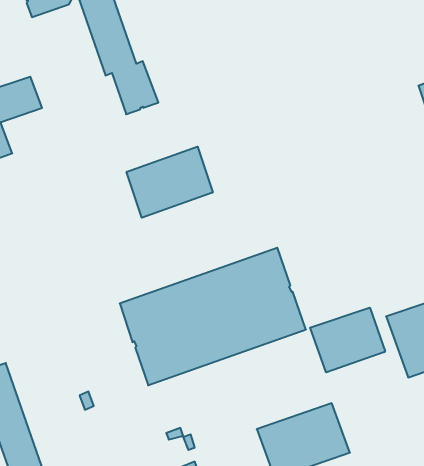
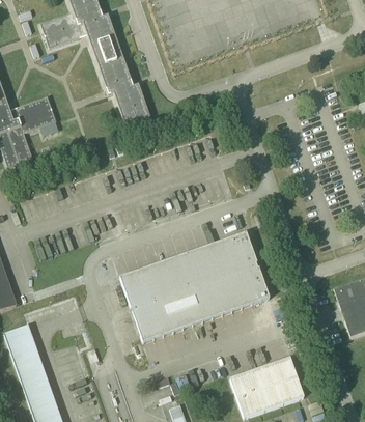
building: [127,147,213,218] -> none
building: [310,308,385,372] -> none

